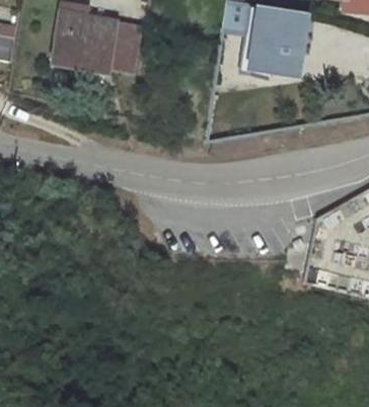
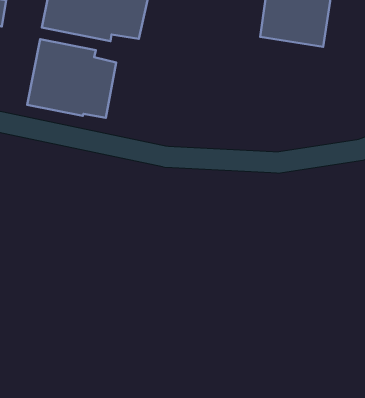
building: none -> [27,39,116,118]

